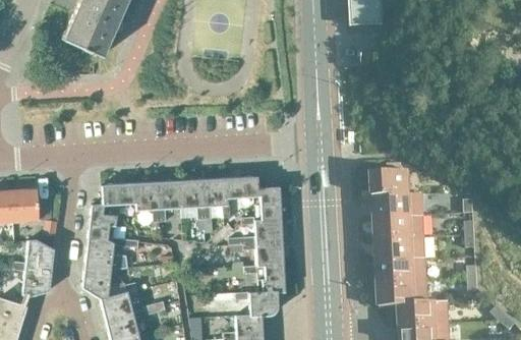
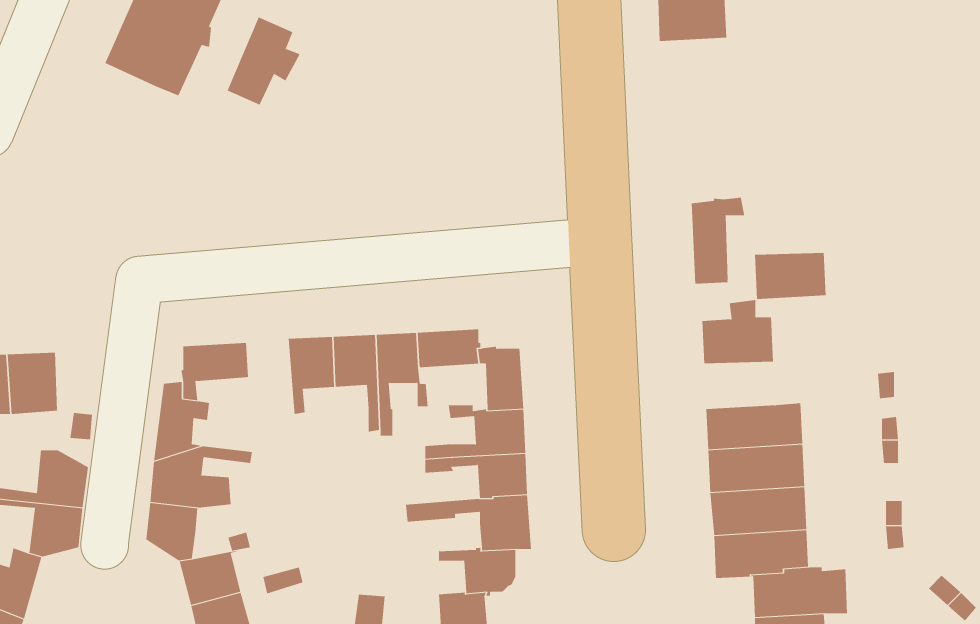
building: none -> [227,17,300,105]
building: none -> [691,197,745,284]
building: [136,182,161,232] -> none
building: [374,194,412,219] -> [754,253,827,299]

